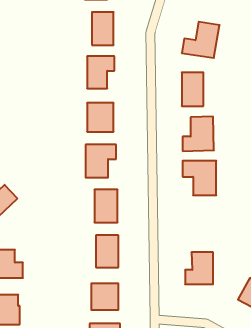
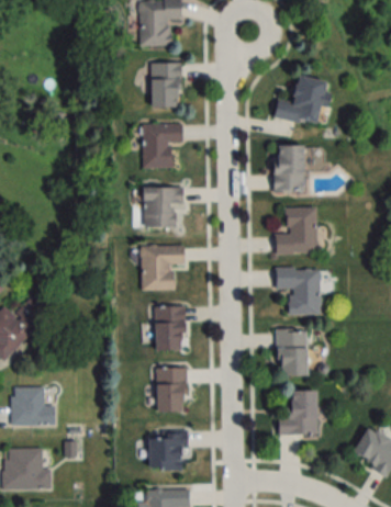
building: none -> [276,328,308,375]

